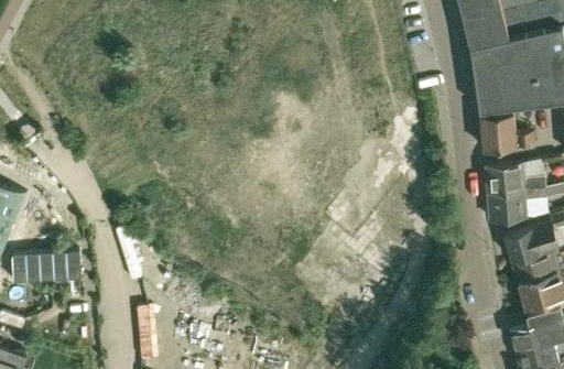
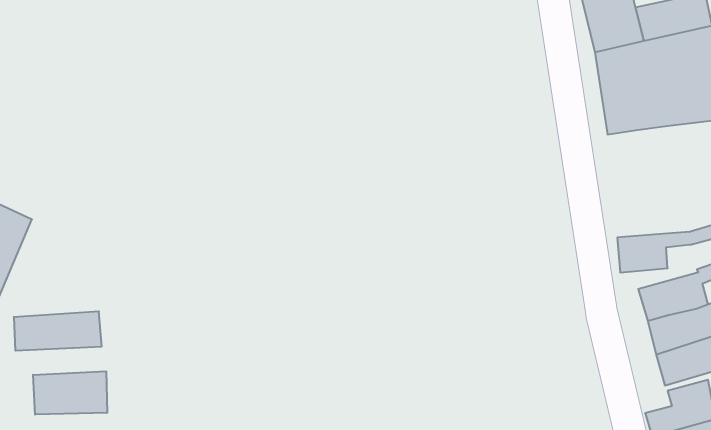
building: [481,115,534,151] -> none
building: [486,165,545,194] -> none
building: none -> [33,371,107,415]

